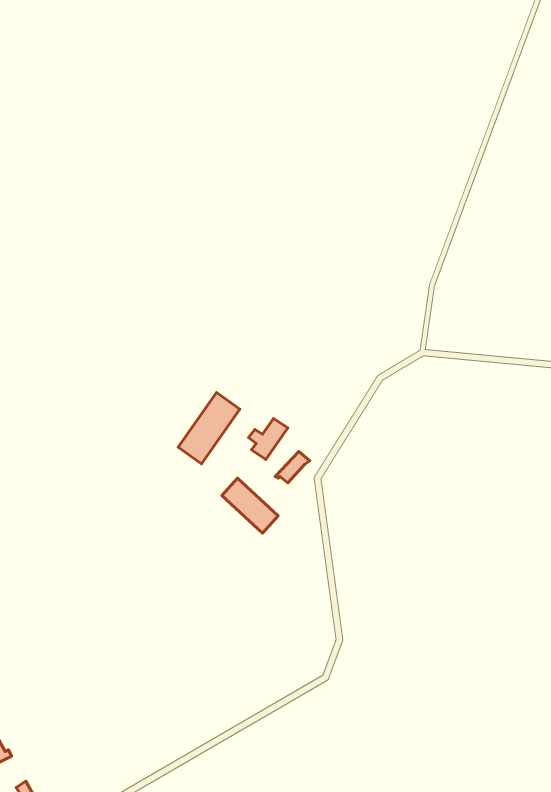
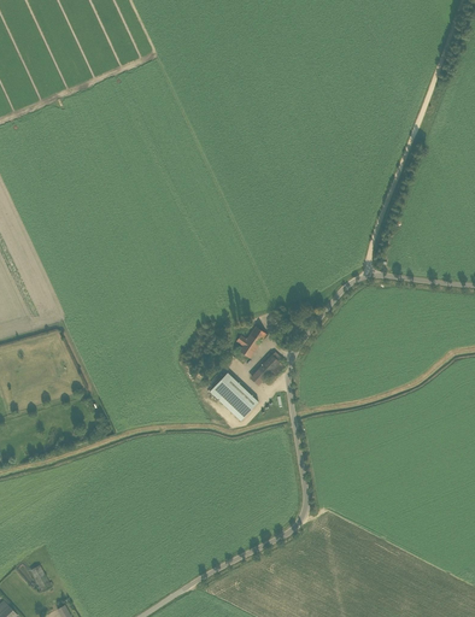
building: [178,393,240,464] -> none

